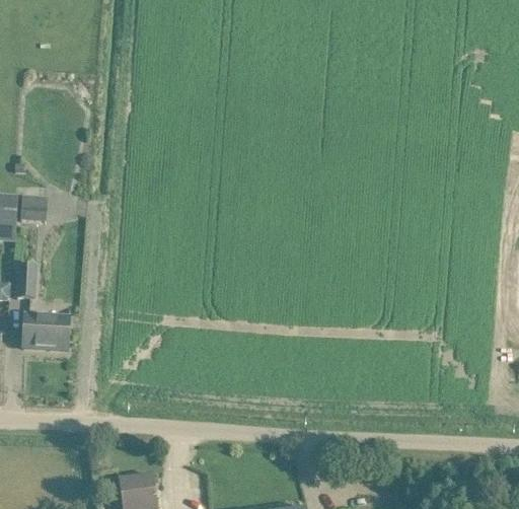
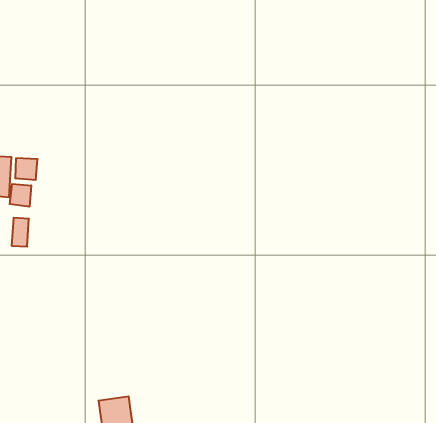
building: none -> [10,184,31,207]
building: [22,313,69,349] -> none

